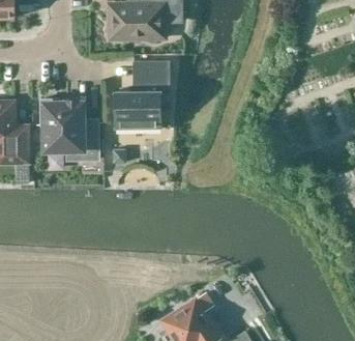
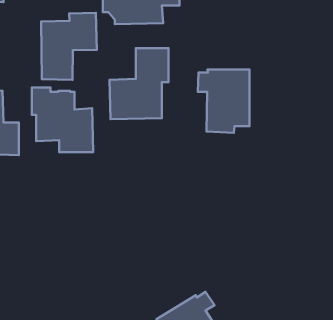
building: none -> [41,13,97,80]
building: none -> [198,70,250,133]

